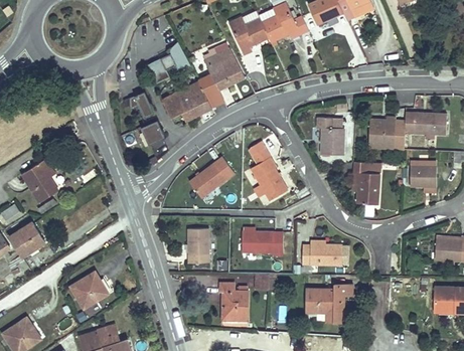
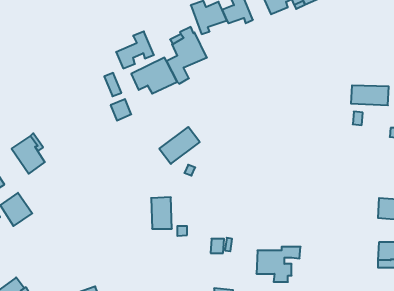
building: [318,107,345,146] -> none
building: [371,108,396,140] -> none
building: [253,150,290,195] -> none
building: [355,154,382,195] -> none
building: [410,157,436,180] -> none
building: [237,228,279,257] -> none
building: [297,244,344,268] -> none
building: [72,274,112,313] -> none
building: [213,283,244,323] -> none

